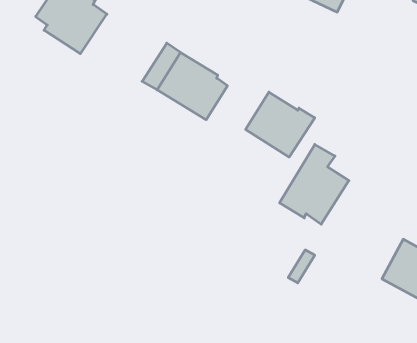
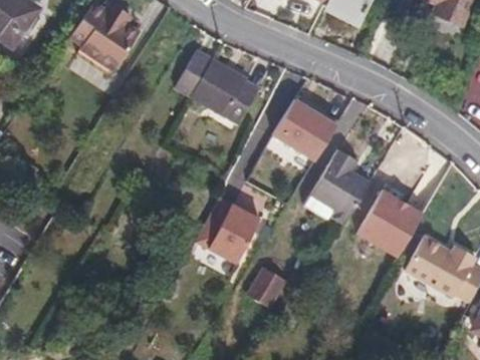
building: none -> [358,191,427,257]
building: none -> [195,197,257,262]
building: none -> [247,268,285,310]

